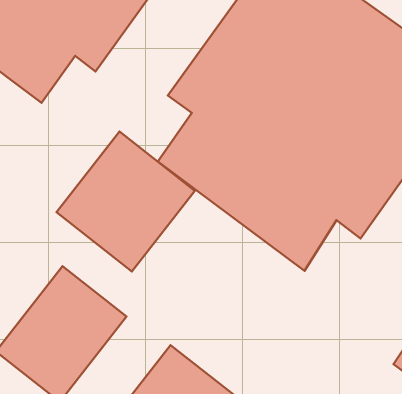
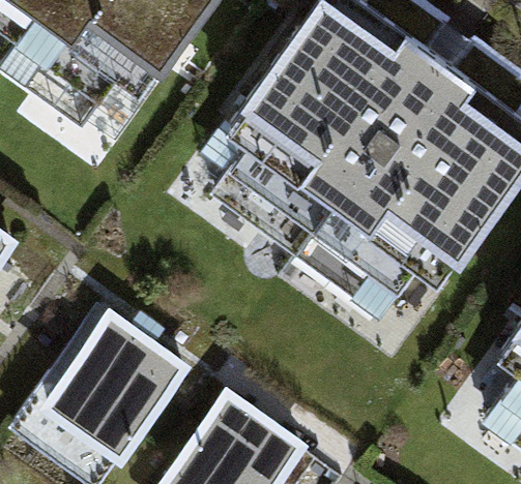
building: [56,132,195,271] -> none

